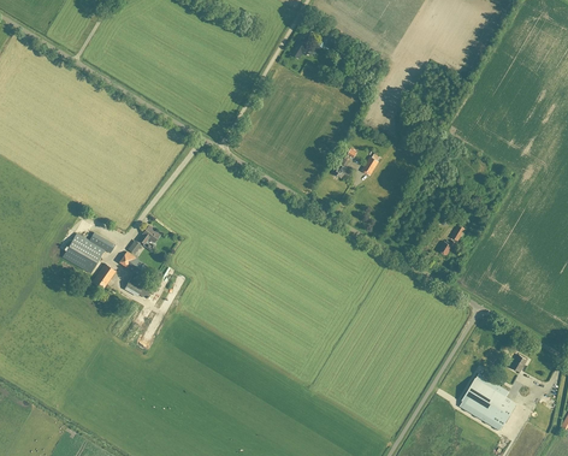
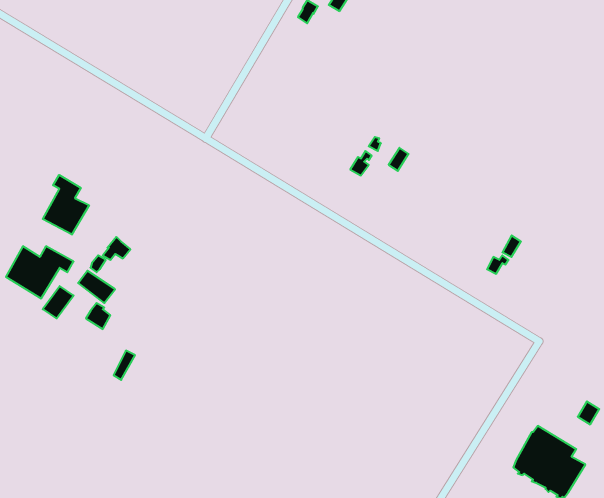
building: none -> [43,175,89,235]

